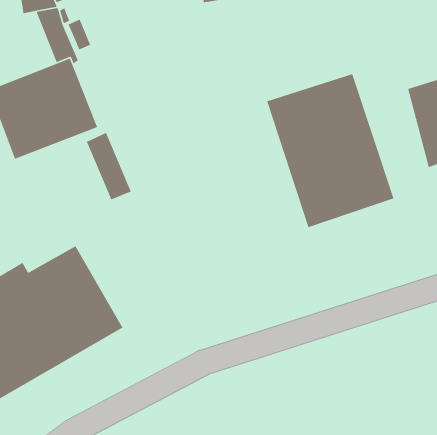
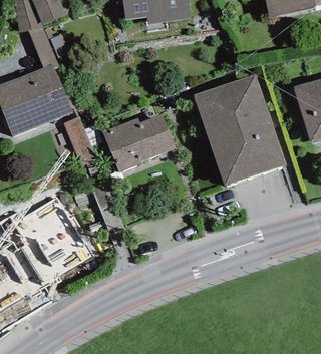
building: none -> [102,113,175,171]

